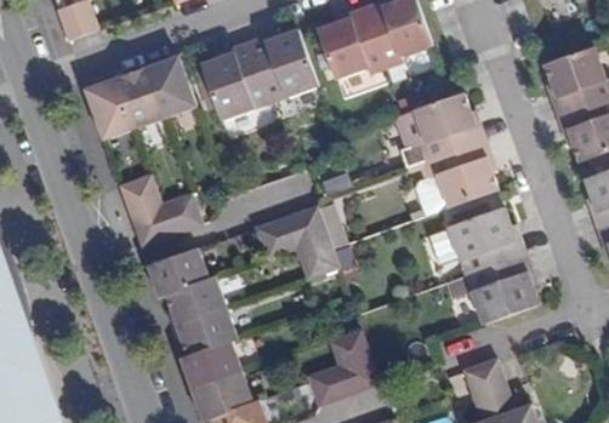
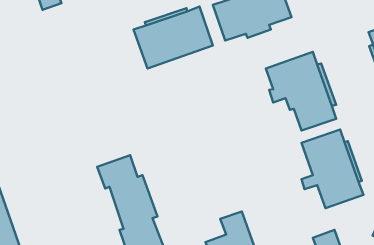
building: [87,57,197,142] -> none
building: [121,176,201,247] -> none
building: [256,207,338,280] -> none

